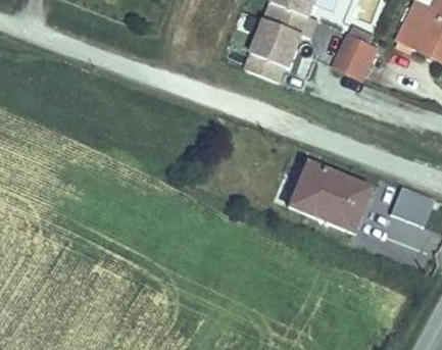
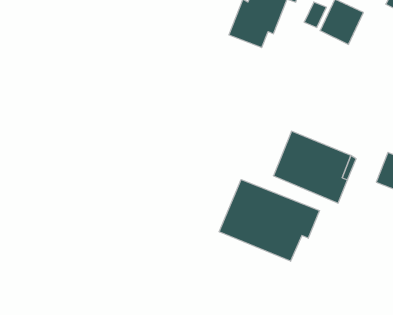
building: none -> [219,180,320,261]

